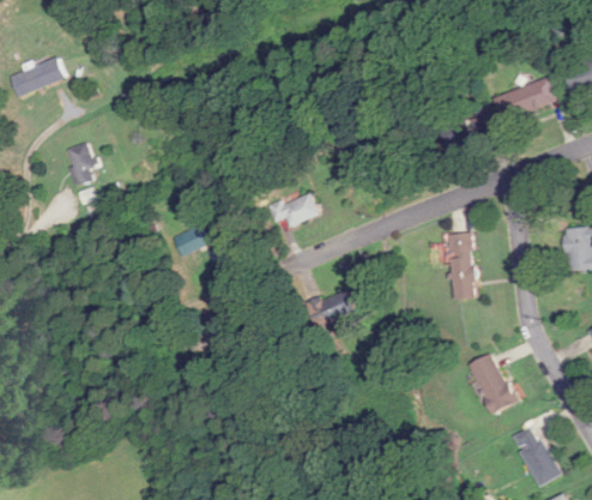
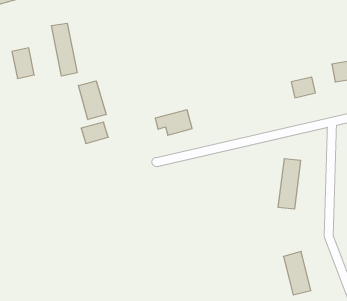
building: none -> [51,23,77,76]
building: none -> [78,81,106,120]
building: [301,289,354,329] -> none

